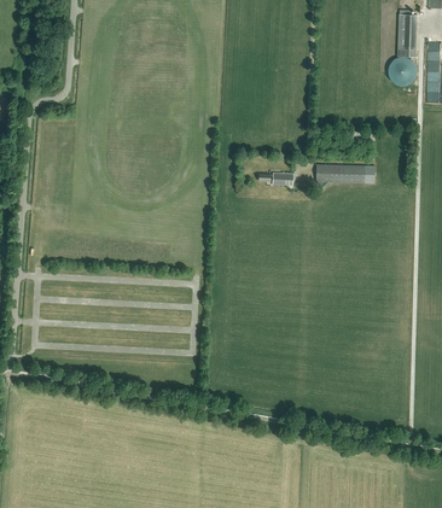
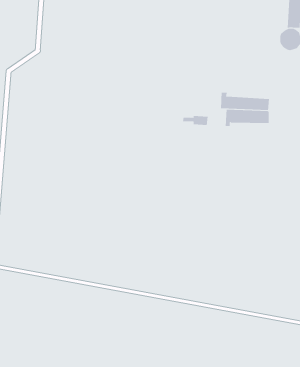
building: none -> [221,92,269,111]

